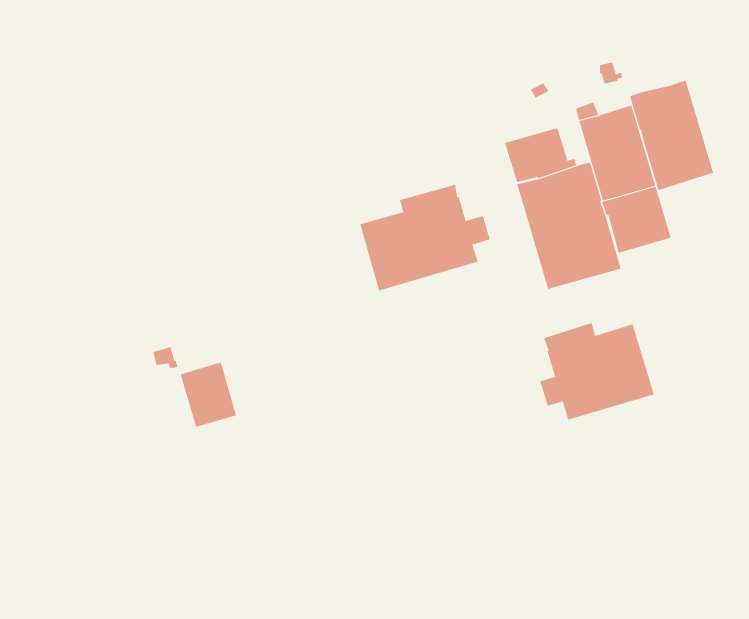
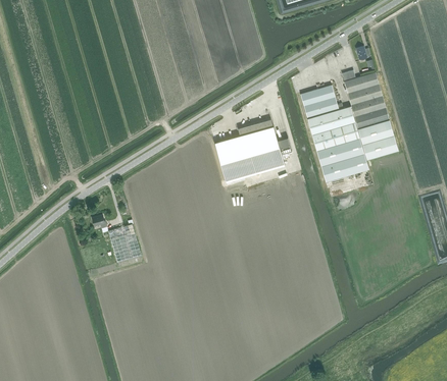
building: [630,79,714,191] -> none
building: [540,322,654,421] -> none

